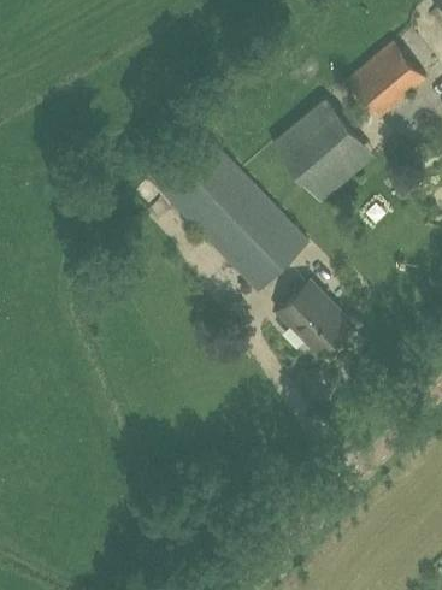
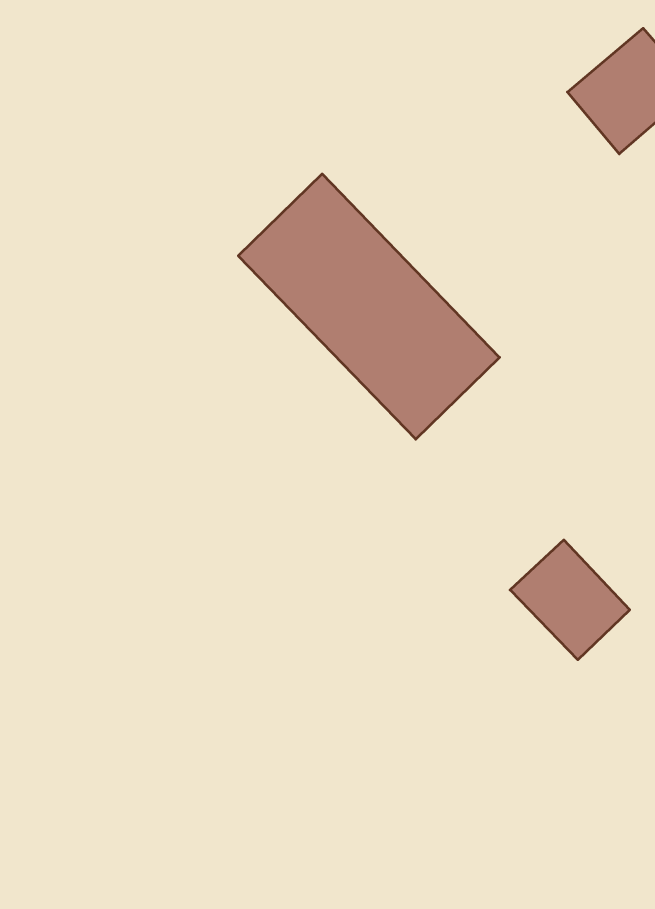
building: [273,99,373,202] -> none
building: [278,282,350,354] -> [510,540,630,660]

